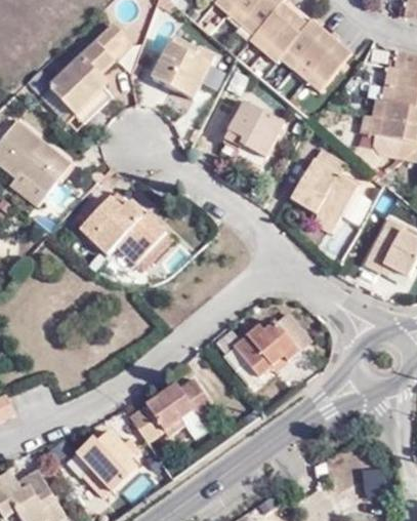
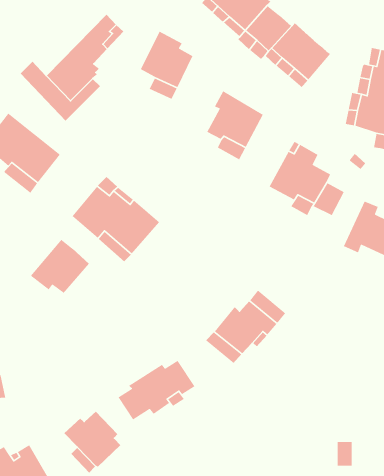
building: none -> [30,239,90,294]

